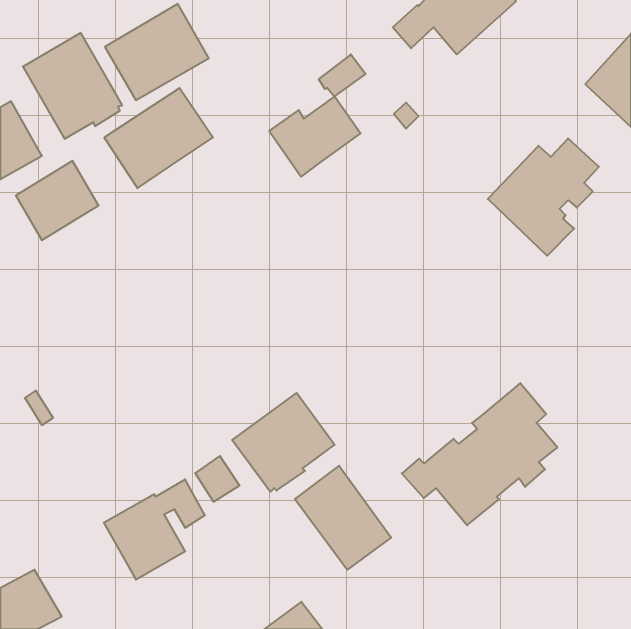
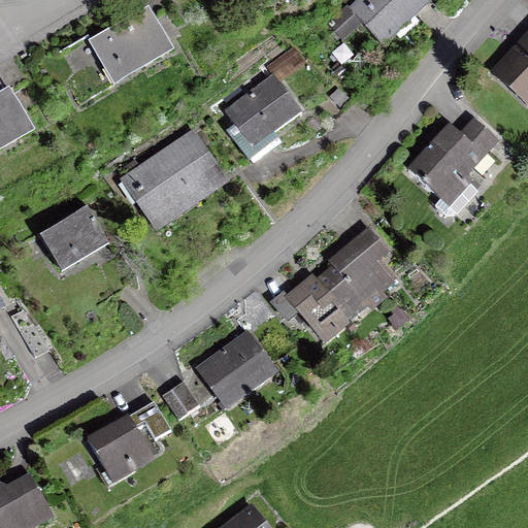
building: [23,33,122,139] -> none
building: [104,88,213,188] -> [128,136,219,220]
building: [16,161,99,240] -> [40,205,109,271]
building: [402,383,557,525] -> [269,226,399,344]
building: [295,466,391,570] -> none

